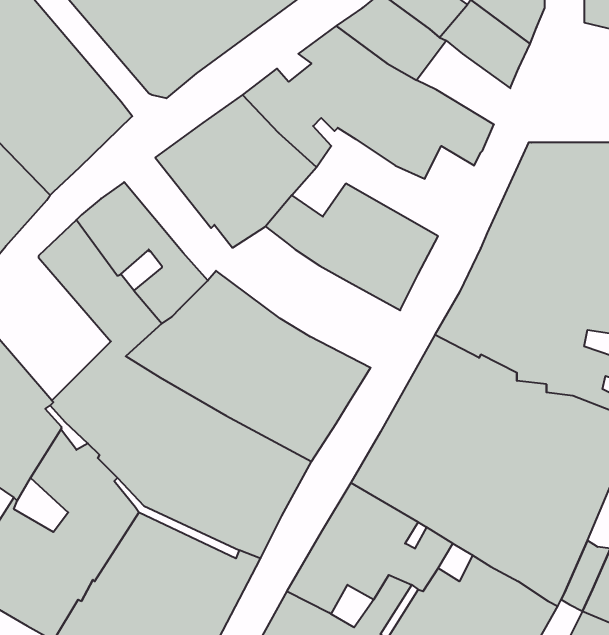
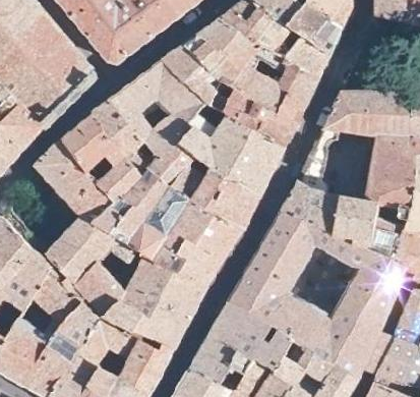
building: none -> [283,36,328,79]
building: none -> [220,89,306,149]
building: none -> [89,100,260,230]

